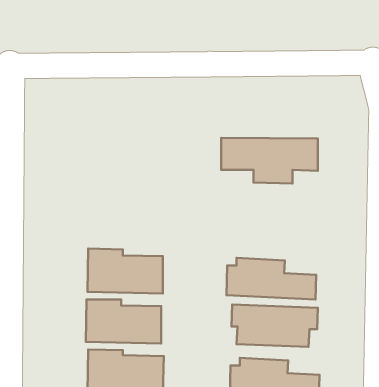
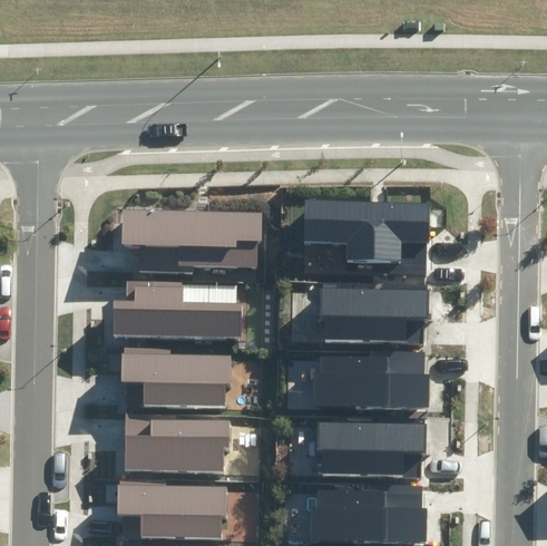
building: none -> [121,216,253,272]
building: none -> [114,281,241,341]
building: none -> [320,283,422,340]

